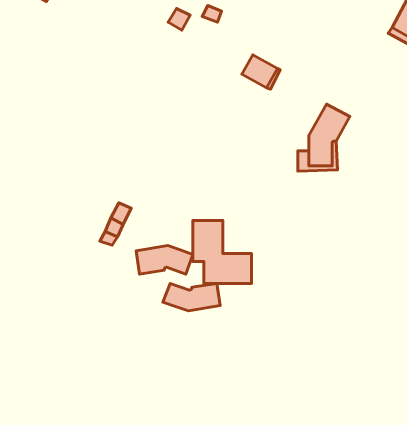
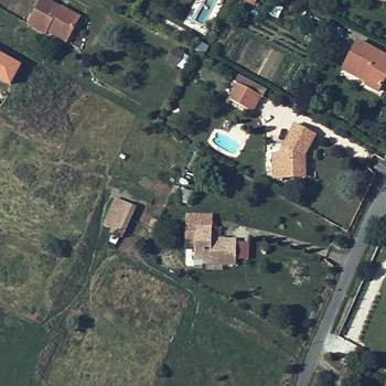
building: [136,245,193,274] -> none
building: [163,283,220,311] -> none

